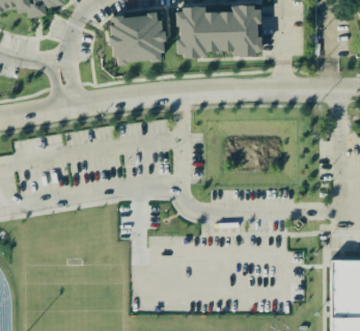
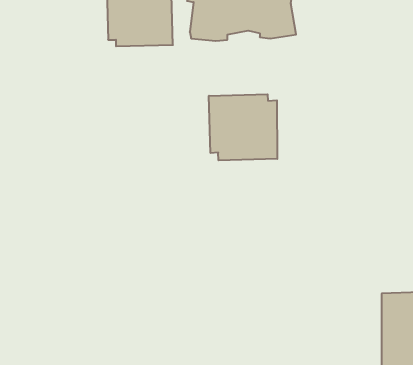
building: none -> [209,94,277,160]

